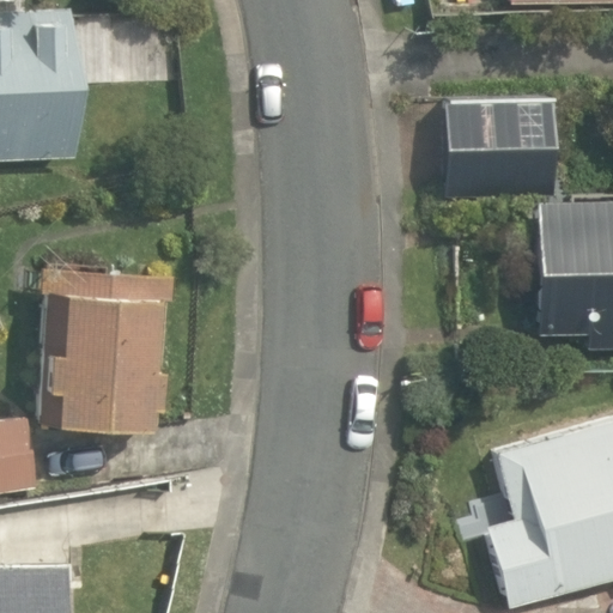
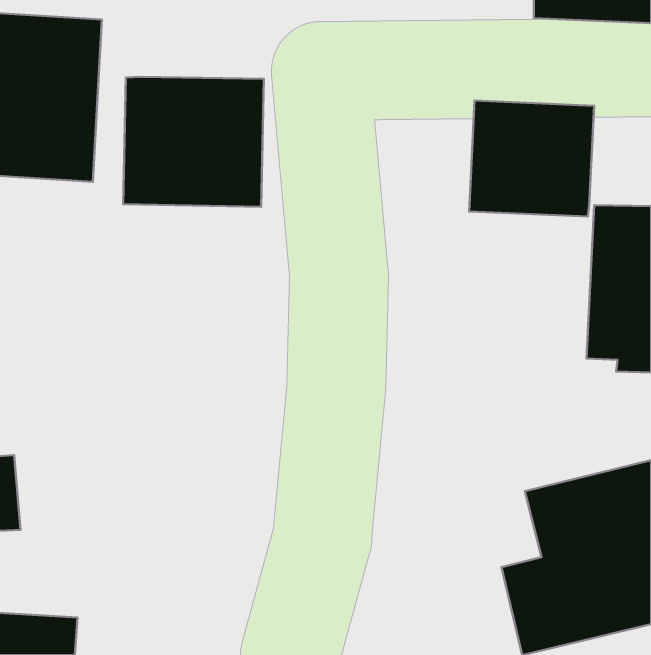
building: none -> [123,77,264,207]
building: [45,253,182,431] -> none

